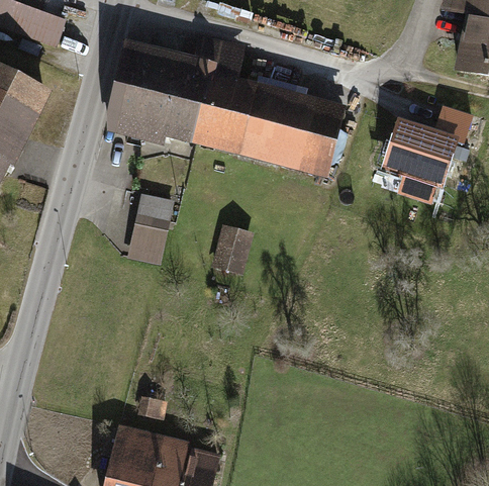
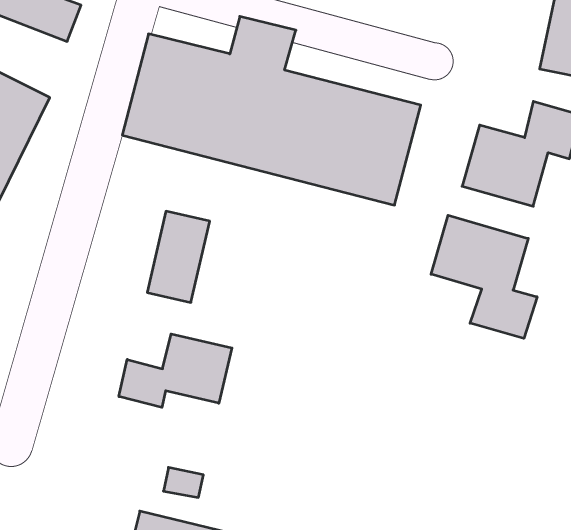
building: none -> [431,215,537,338]
building: [218,224,256,273] -> none
building: none -> [119,334,232,407]

